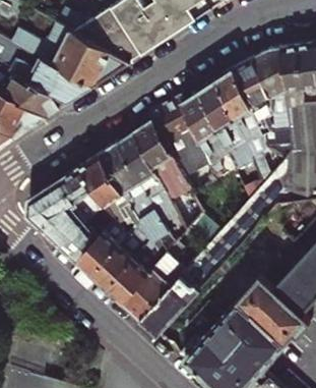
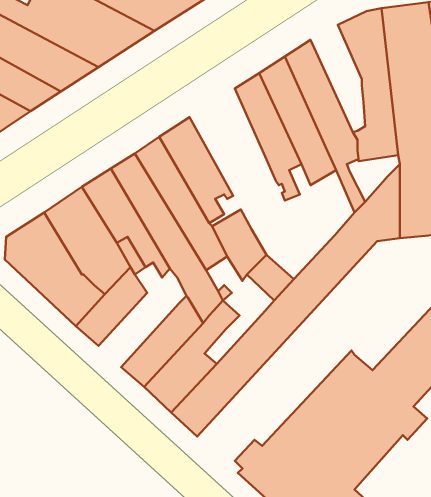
building: [233,57,269,129] -> none
building: [147,95,209,176] -> none
building: [90,221,149,287] -> none

